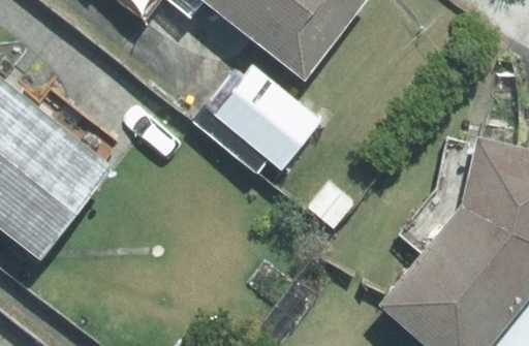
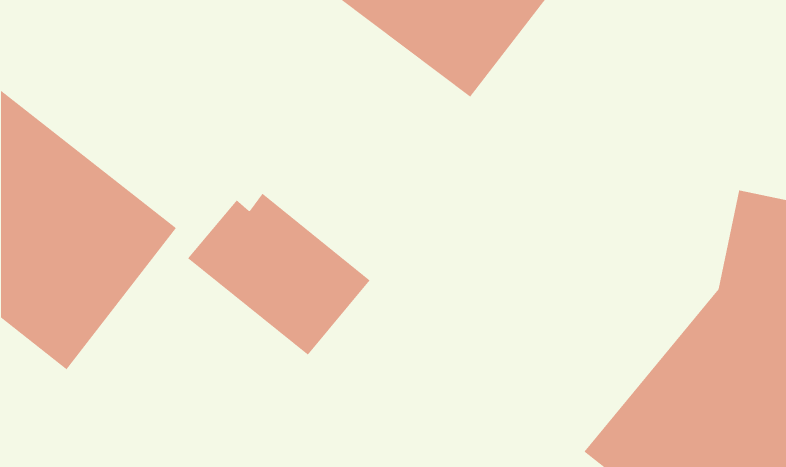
building: [205,64,323,169] -> [187,193,370,356]

